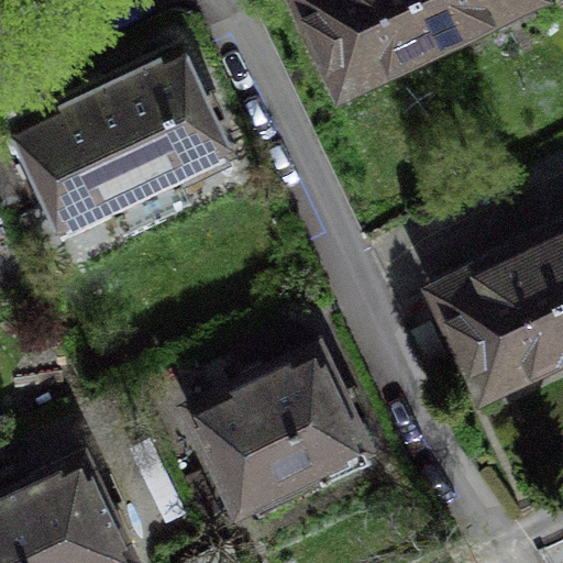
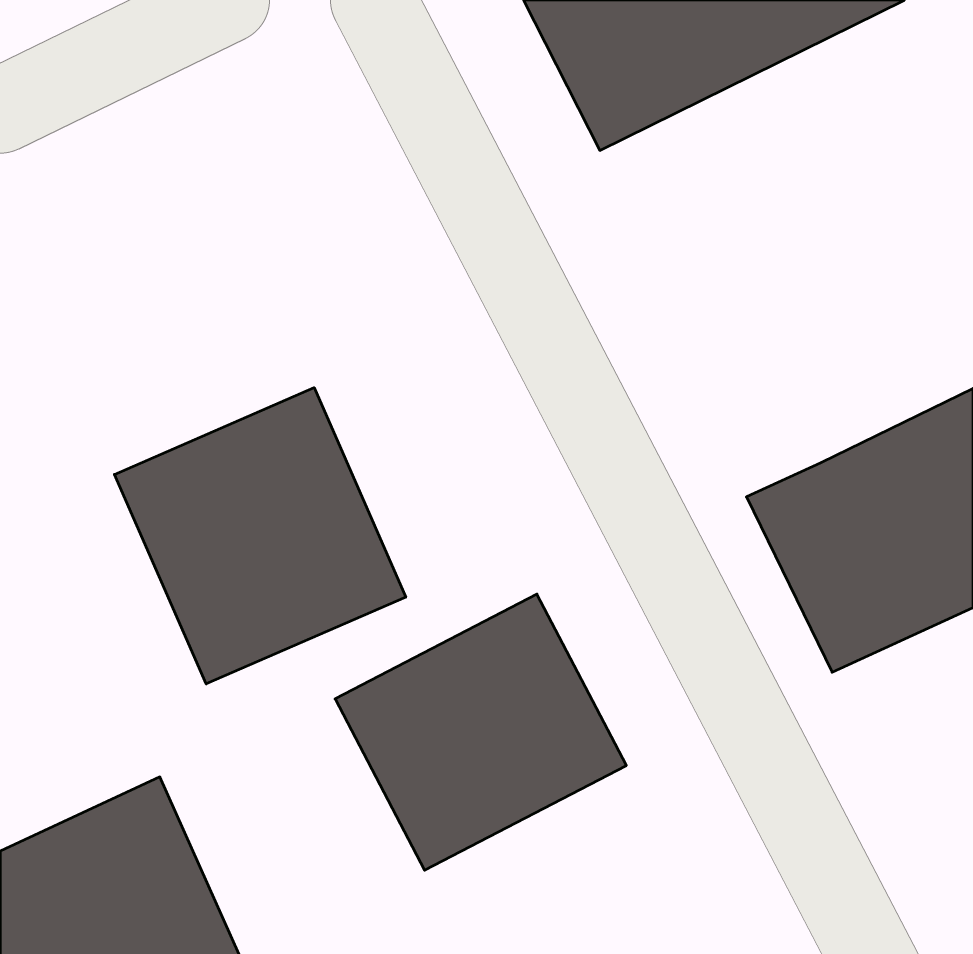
building: [18,59,223,236] -> none
building: none -> [114,388,406,684]

